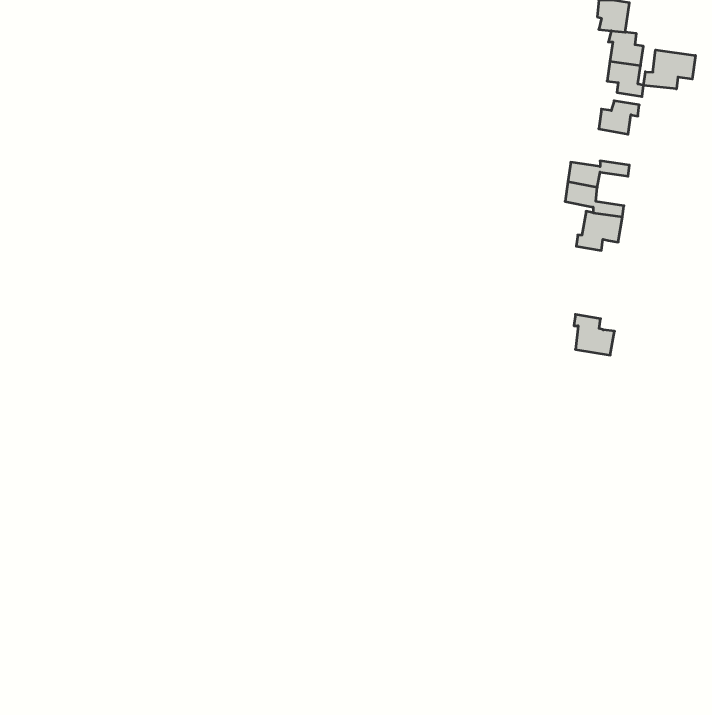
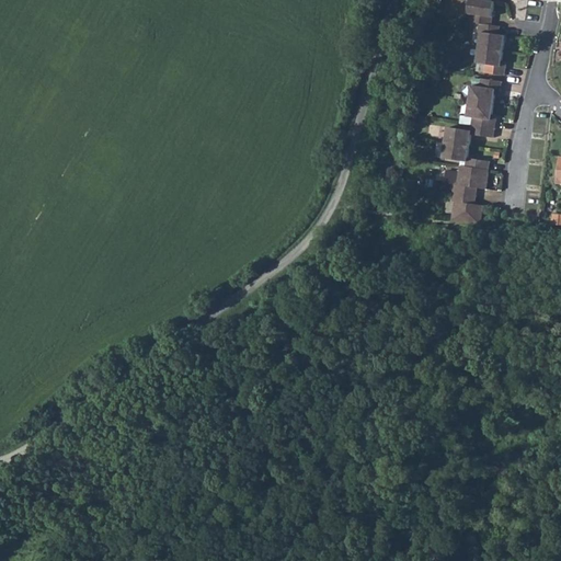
building: [643,50,695,89] -> none
building: none -> [467,101,495,129]
building: [574,314,615,355] -> [450,193,482,225]

